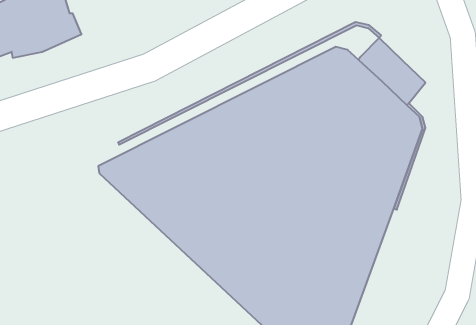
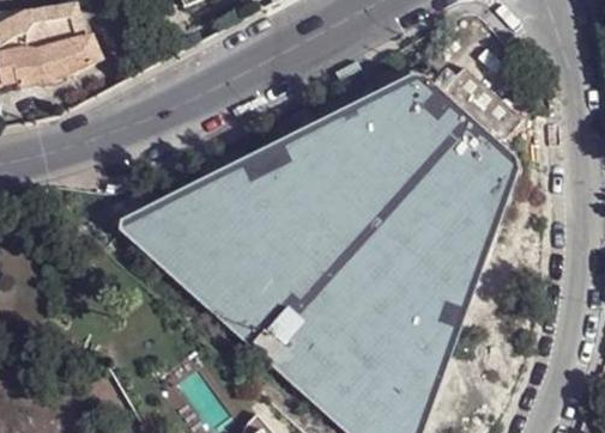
building: [118,22,381,145] -> [121,72,441,220]

